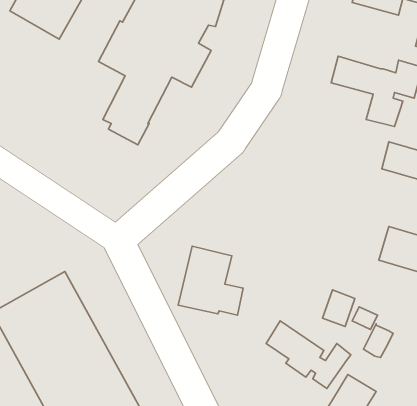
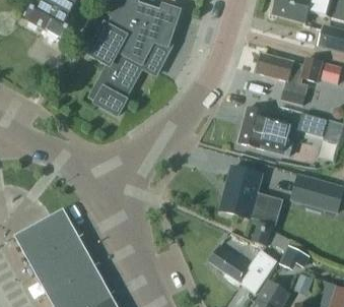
building: none -> [237,105,291,154]
building: [178,246,243,315] -> [221,168,268,218]

